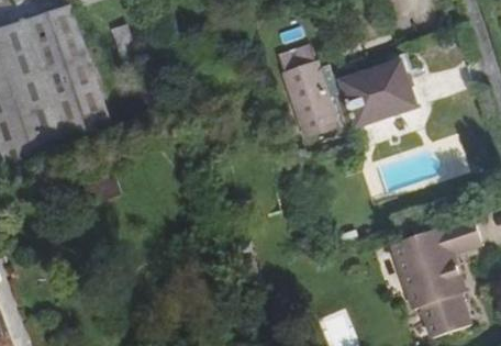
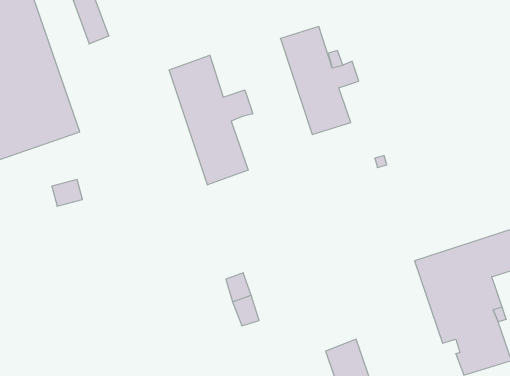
building: [344,56,416,129] -> none
building: none -> [169,55,253,185]

